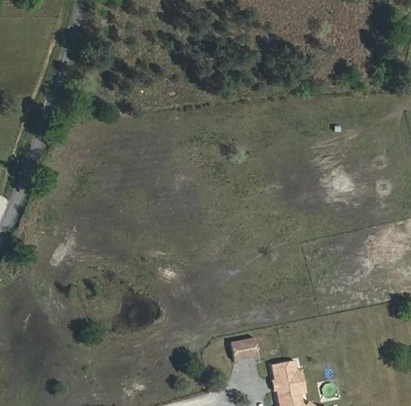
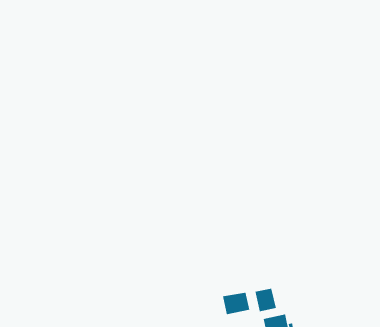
building: none -> [255,288,277,312]

